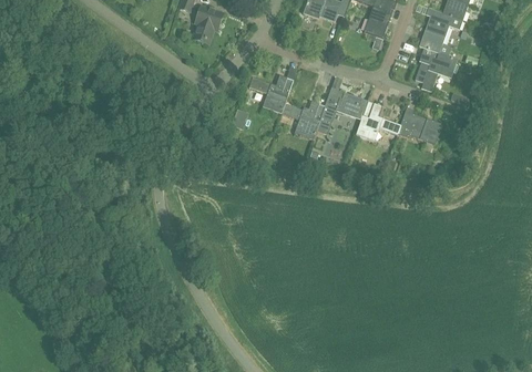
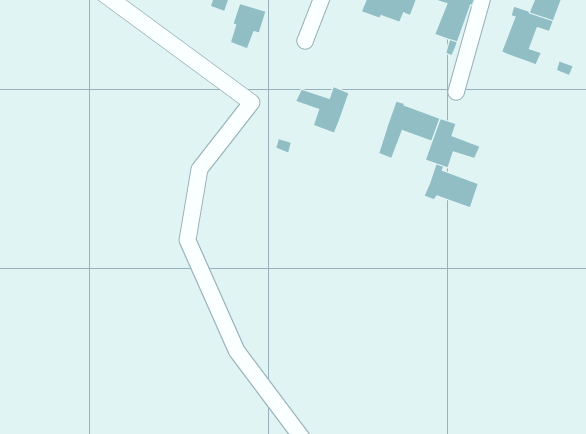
building: [415,48,458,92] -> none
building: [280,100,325,139] -> none
building: [397,107,442,144] -> [424,164,479,208]

